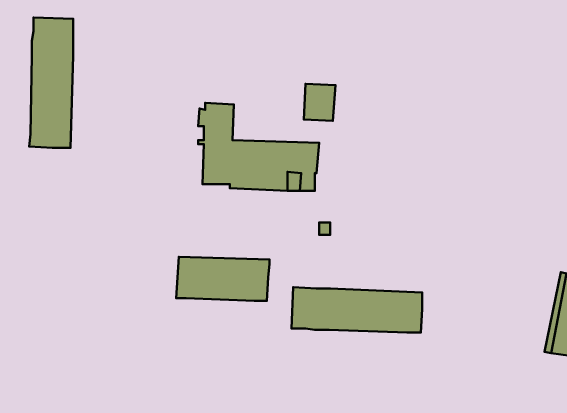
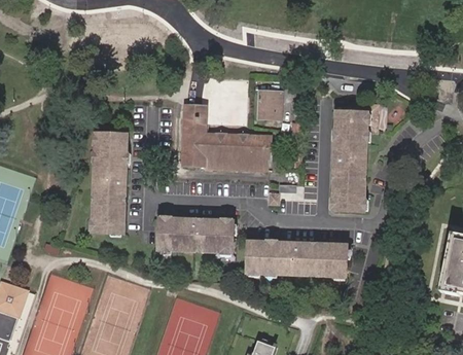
building: [29,17,73,148] -> [93,136,126,234]
building: none -> [333,103,377,210]

